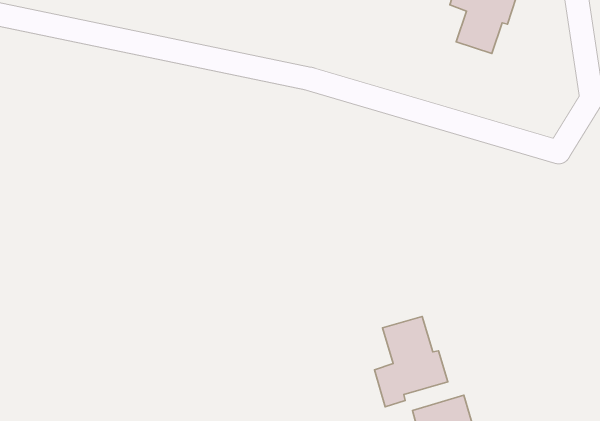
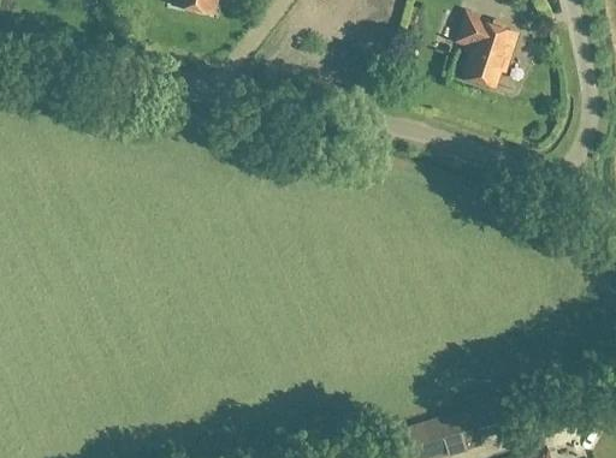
building: [375,316,448,407] -> none

